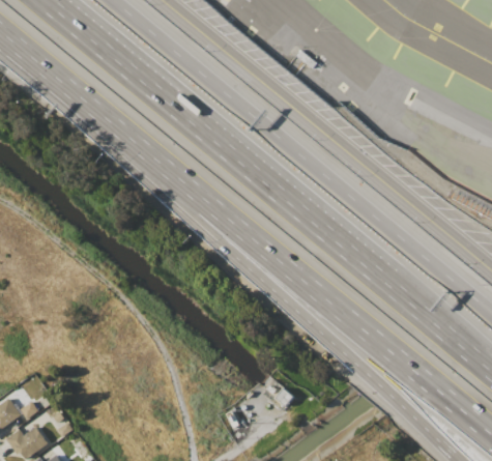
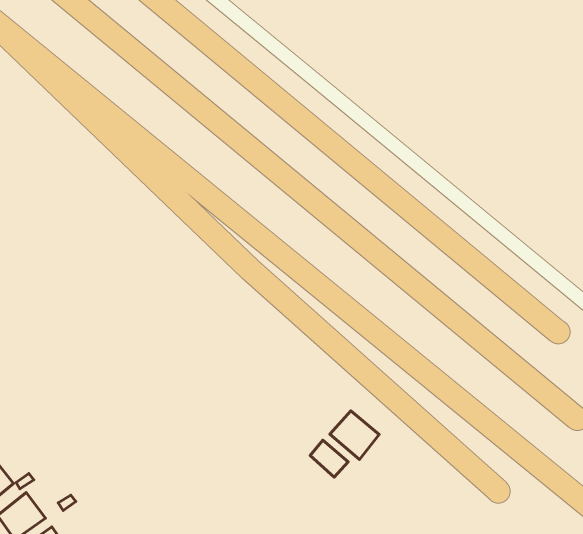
building: none -> [330,411,379,460]

